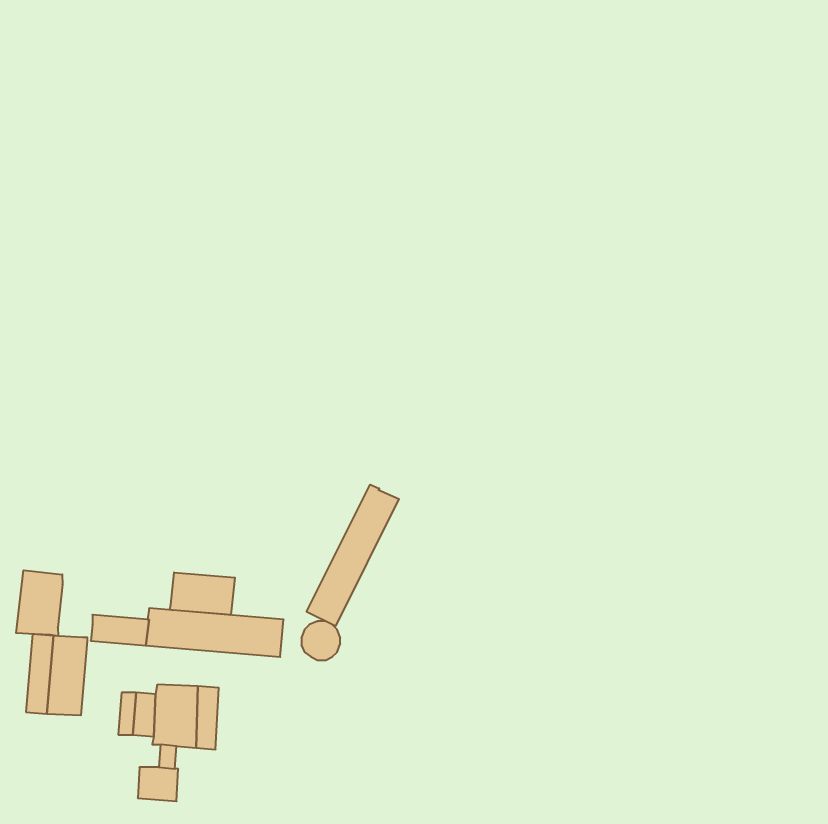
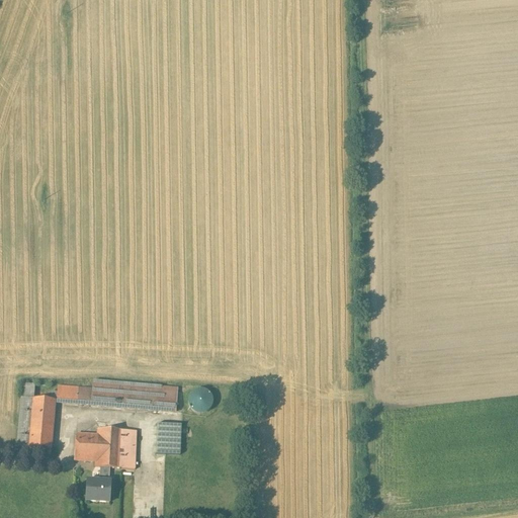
building: [307,485,399,626] -> none
building: [16,570,62,636] -> none
building: [170,572,235,615] -> none
building: none -> [156,422,181,453]

